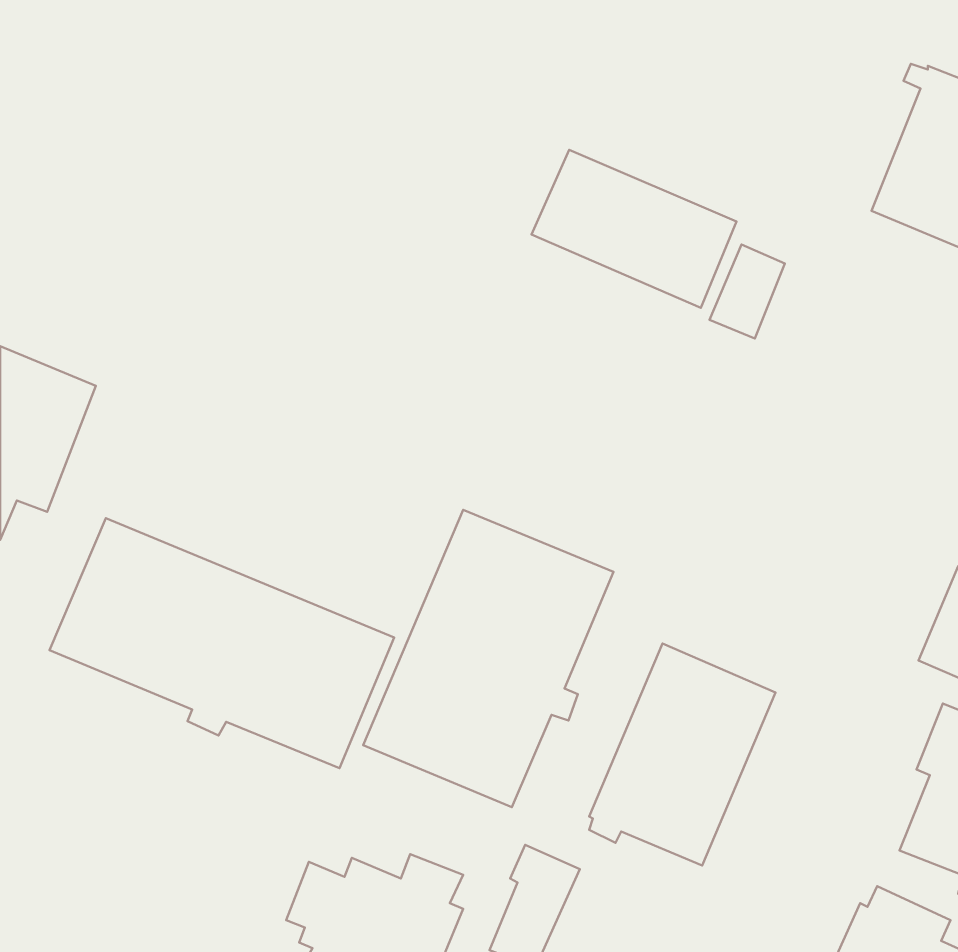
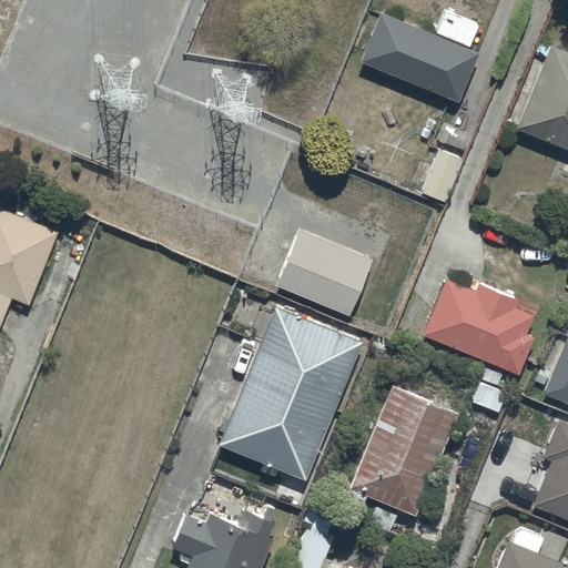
building: [531,150,737,308] -> [359,11,480,104]
building: none -> [277,230,372,312]
building: none -> [422,280,536,378]
building: [50,518,394,768] -> none

